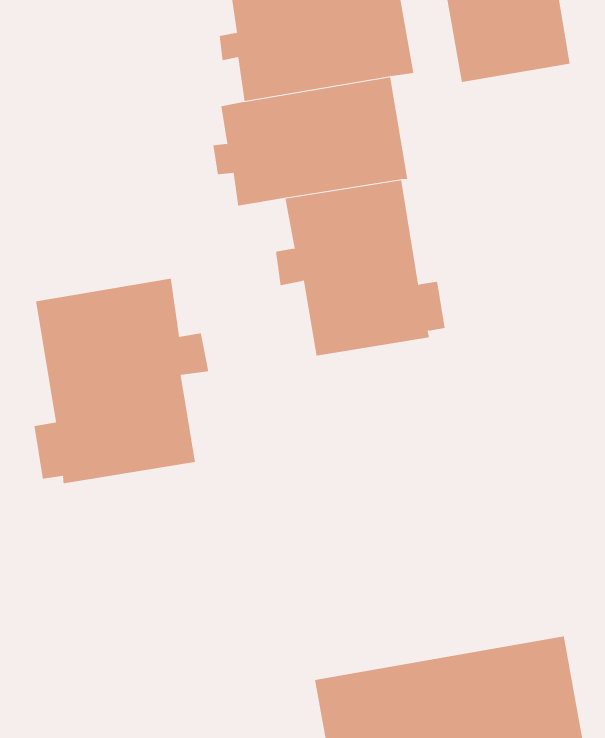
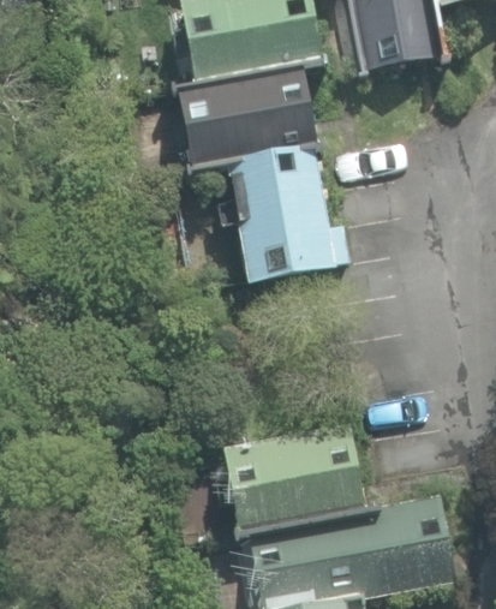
building: [34,278,209,484] -> none
building: none -> [221,422,363,532]

